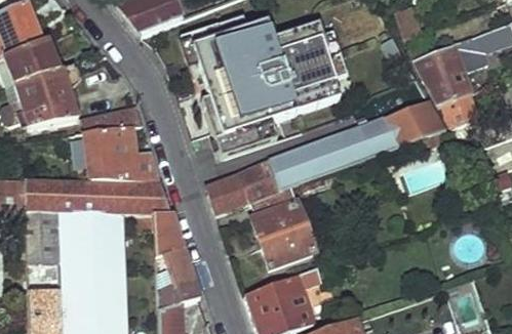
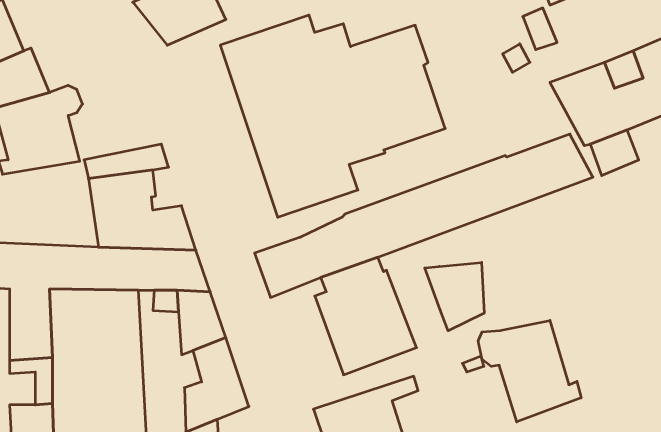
building: none -> [425,262,484,331]
building: none -> [478,320,581,422]

